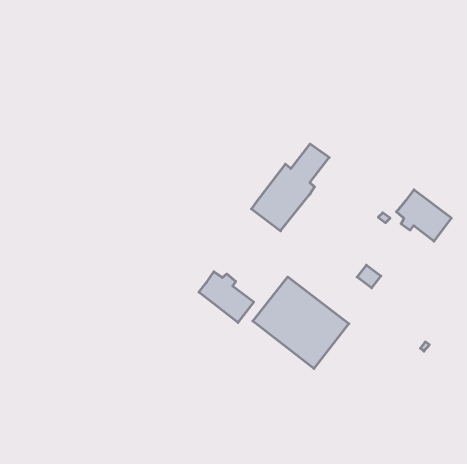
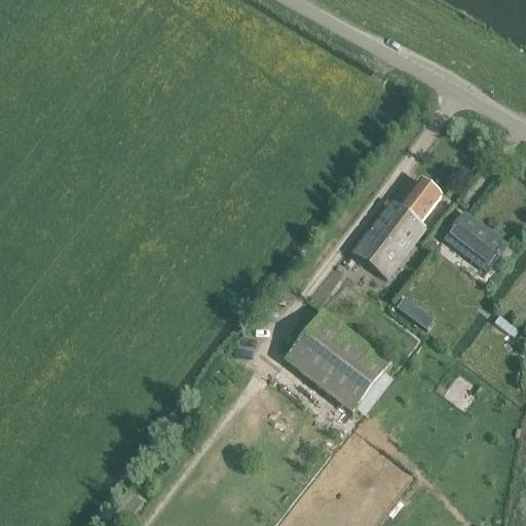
building: [251,144,329,231] -> [353,179,441,276]
building: [199,272,254,323] -> none

